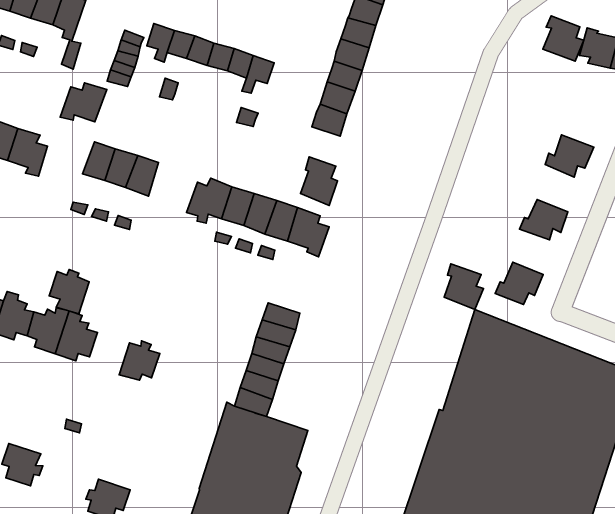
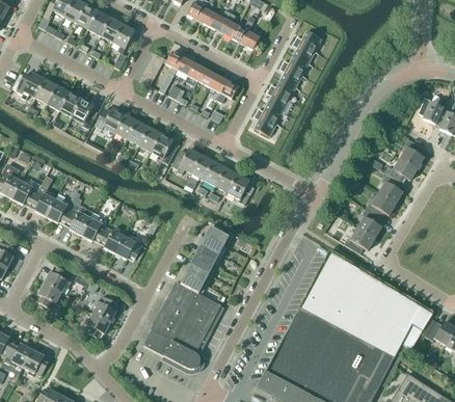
building: [543,16,584,61] -> [399,139,424,168]
building: [60,83,107,122] -> [95,108,125,132]
building: [300,157,337,205] -> none
building: none -> [151,133,177,164]
building: none -> [378,173,402,204]
building: [444,264,484,309] -> [357,209,381,238]
building: [49,269,89,314] -> [100,226,125,253]
building: none -> [44,267,71,292]
building: none -> [92,295,116,322]

